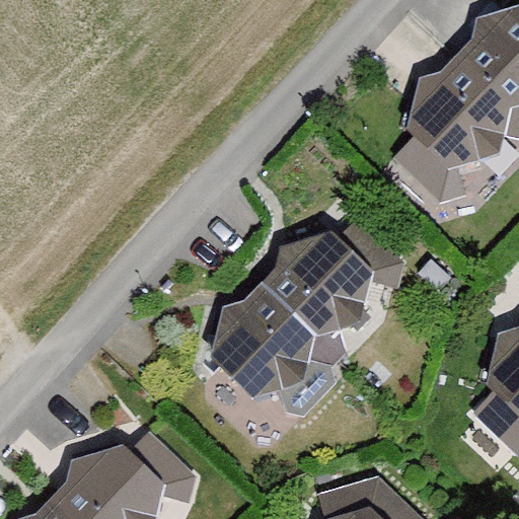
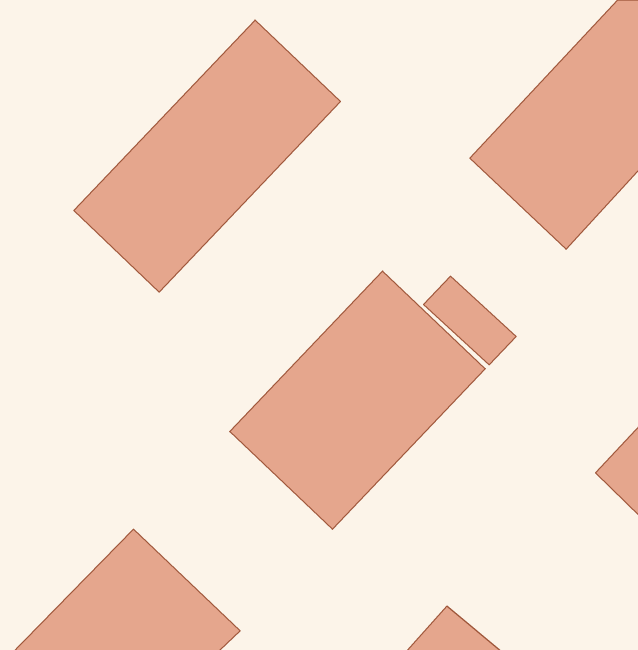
building: none -> [74,20,340,292]

